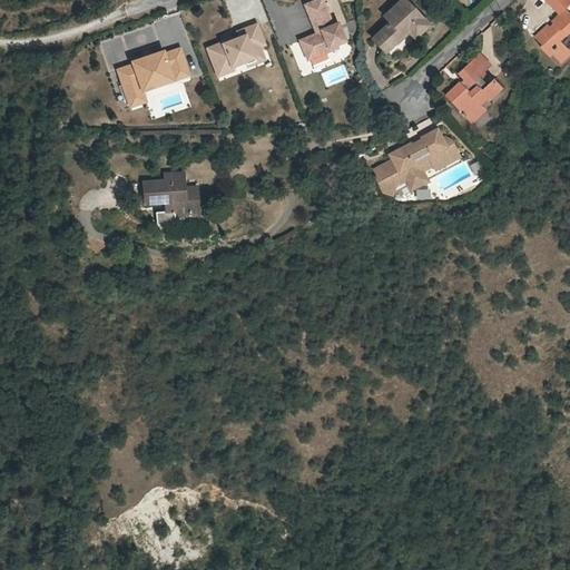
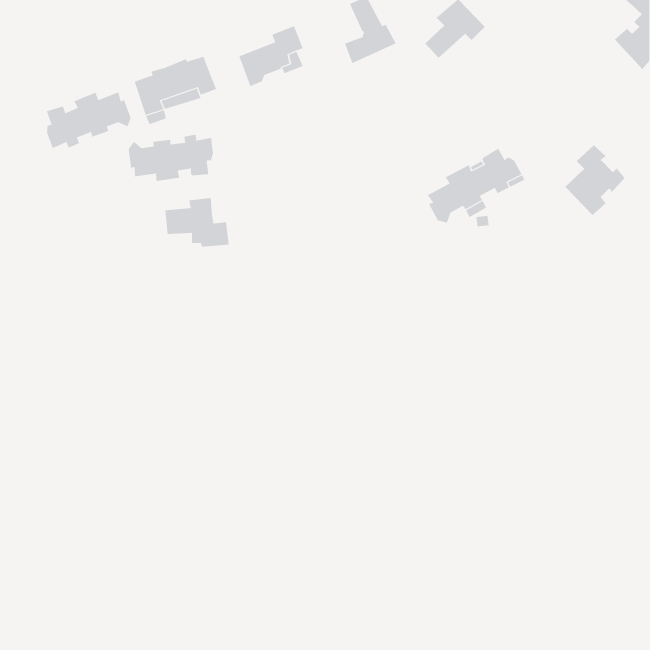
building: [449,58,502,120] -> [564,145,626,216]
building: none -> [46,91,131,149]
building: none -> [128,134,214,182]

